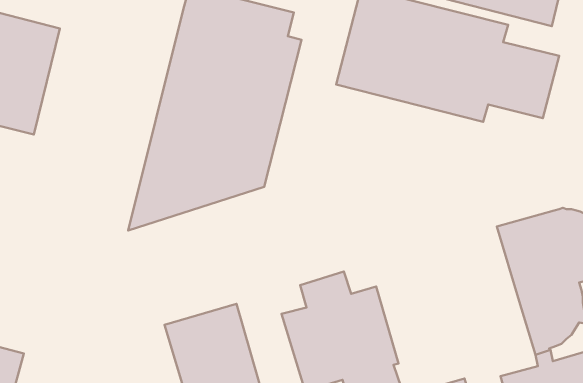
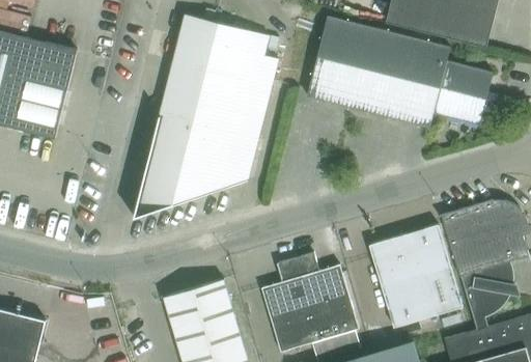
building: none -> [369,223,463,327]

